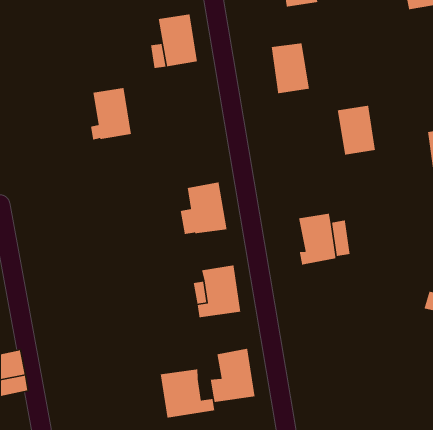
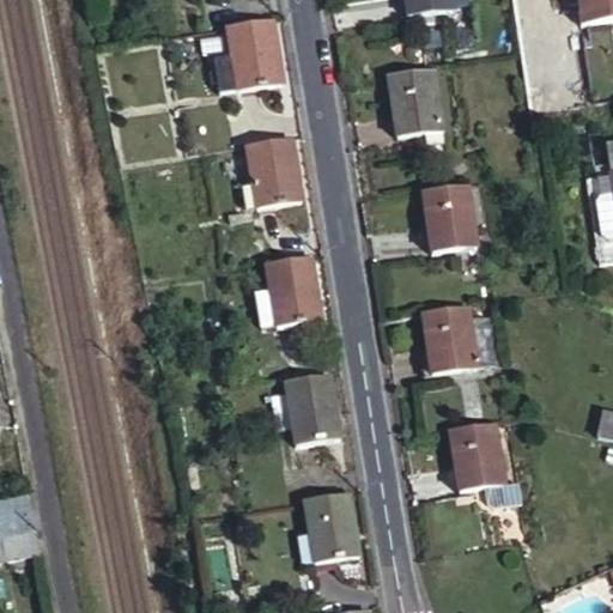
building: [90,87,132,141] -> [242,136,301,212]
building: [337,105,376,156] -> [420,177,475,249]
building: none -> [451,415,523,506]
building: [160,369,215,418] -> none

